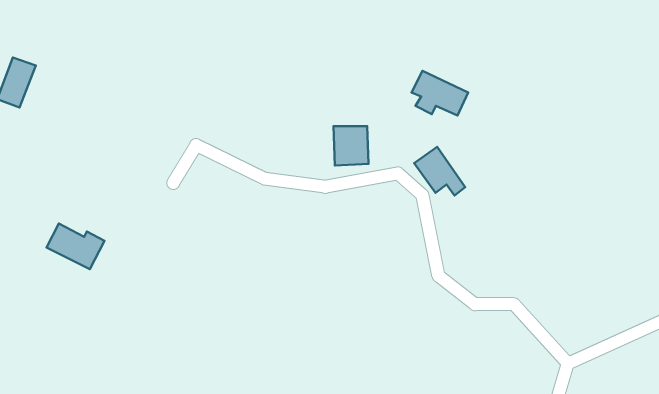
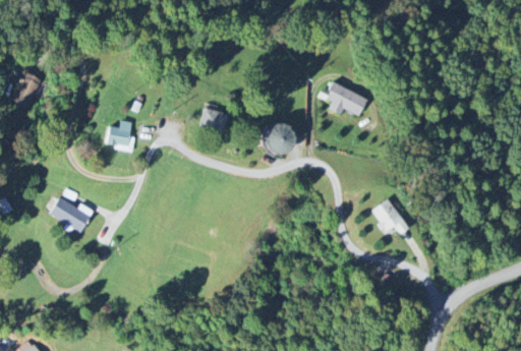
building: none -> [199,107,228,132]
building: none -> [105,119,134,151]
building: [414,147,465,195] -> [369,197,408,234]

